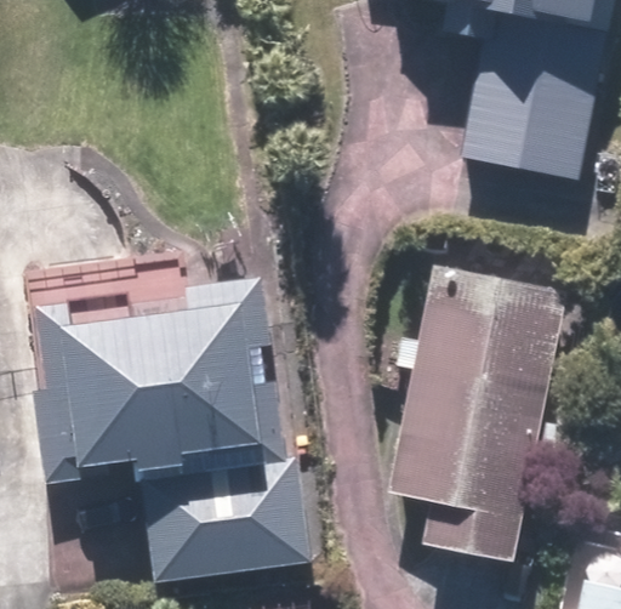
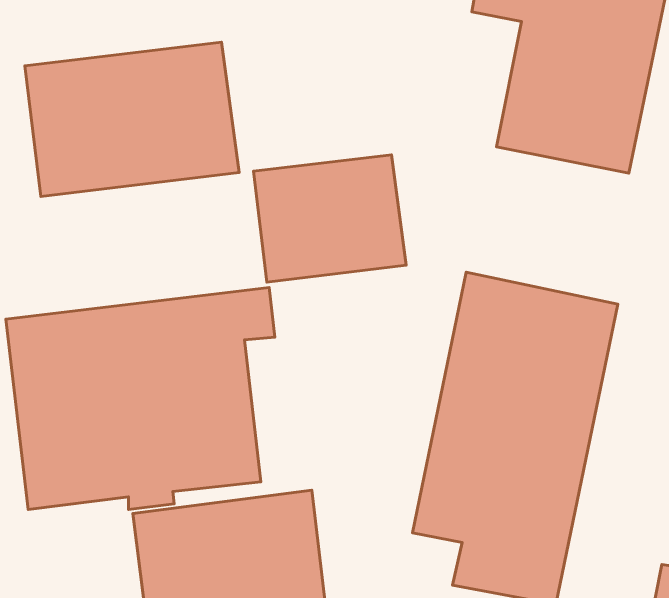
building: none -> [25,42,239,196]
building: none -> [253,155,406,282]

